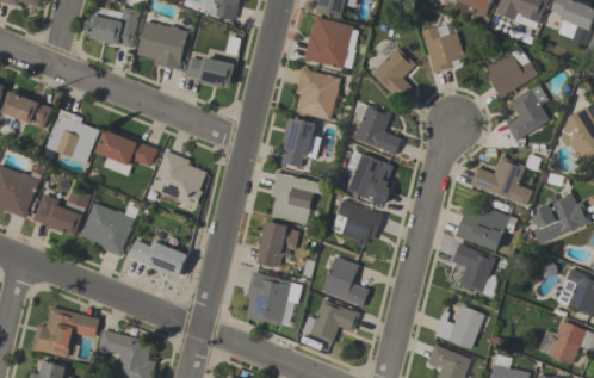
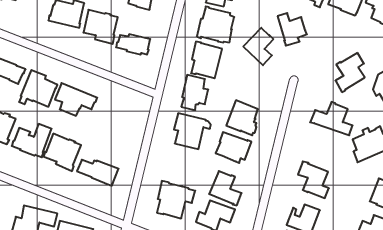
building: [485,51,537,98] -> none
building: [354,103,401,155] -> none
building: [151,150,205,206] -> none
building: [454,205,516,249] -> none
building: [255,219,298,267] -> none

